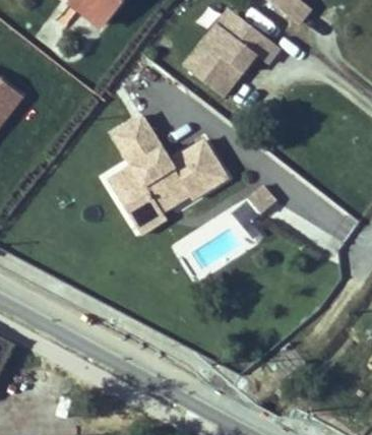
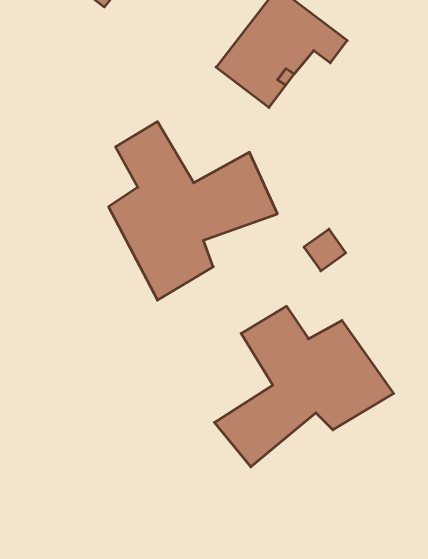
building: none -> [214,306,394,467]

